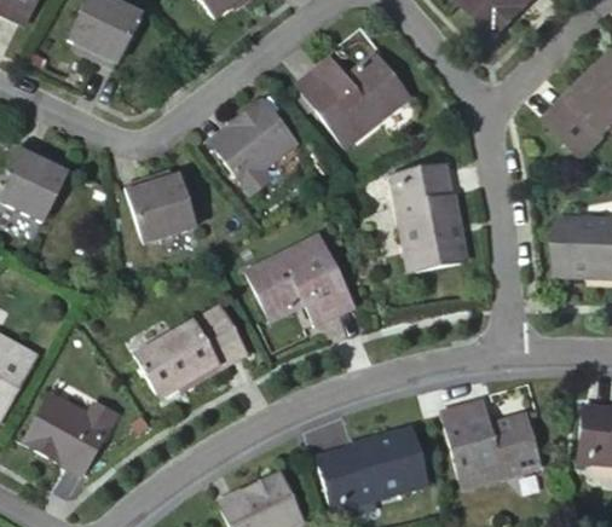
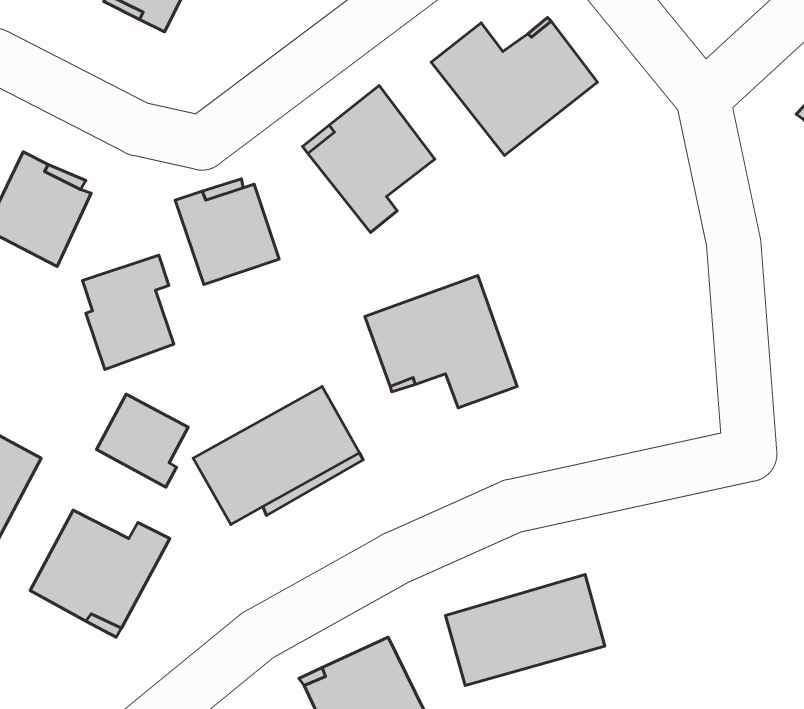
building: [394,163,463,271] -> none
building: none -> [82,255,174,369]
building: none -> [97,394,188,487]
building: [432,403,532,494] -> none

